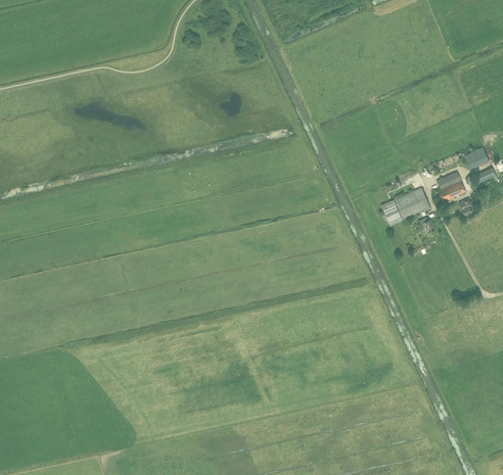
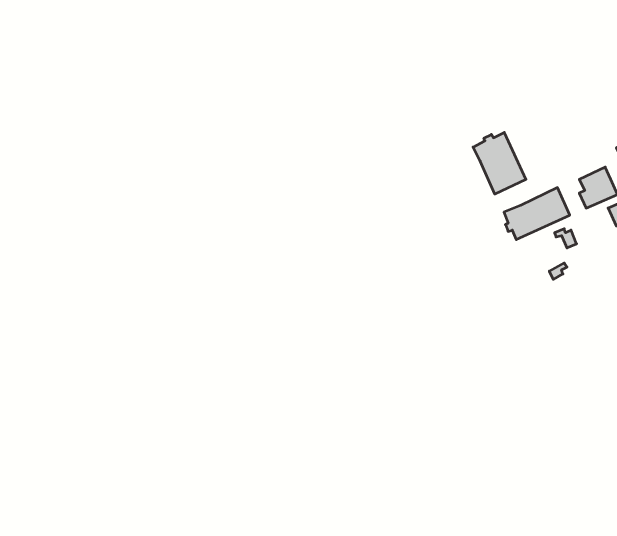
building: none -> [473,132,526,194]

